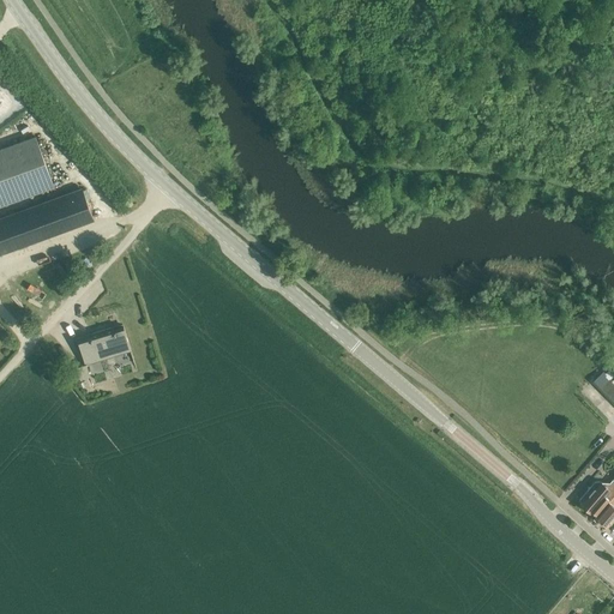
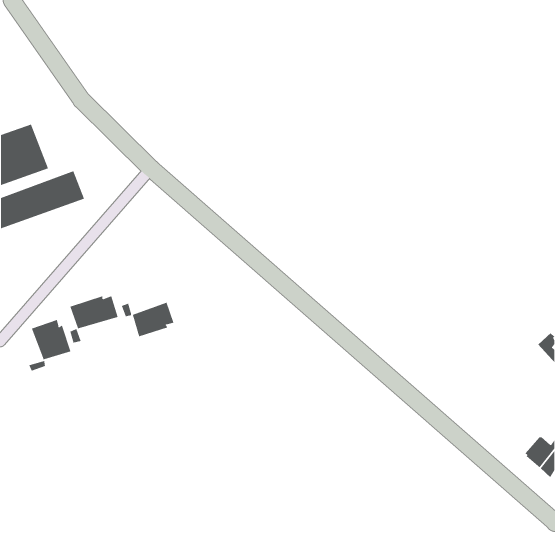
building: none -> [121,302,174,337]
building: none -> [29,319,71,372]

